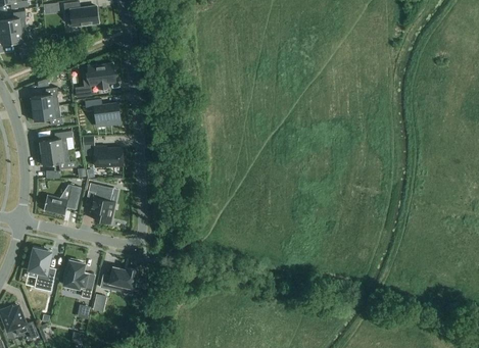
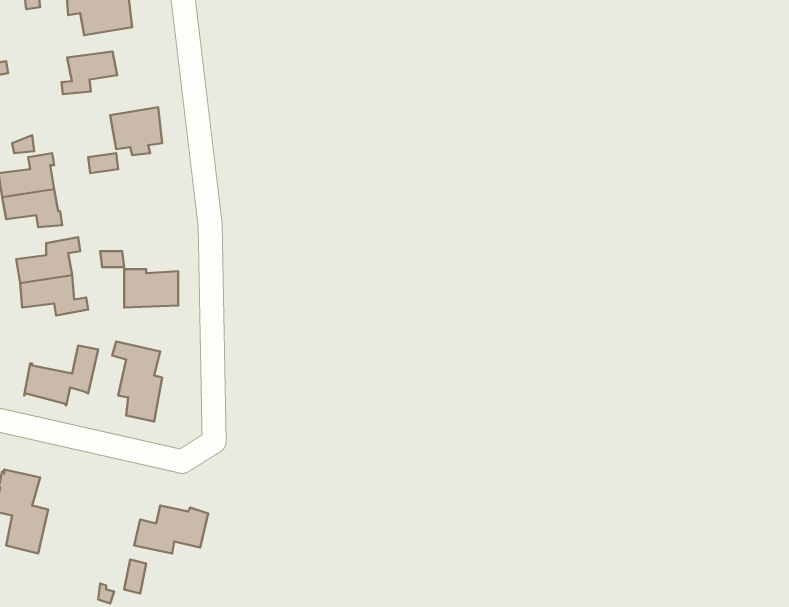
building: none -> [61,52,117,94]
building: [84,99,121,126] -> none
building: [63,259,92,299] -> none

